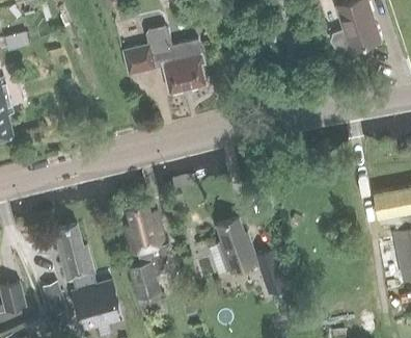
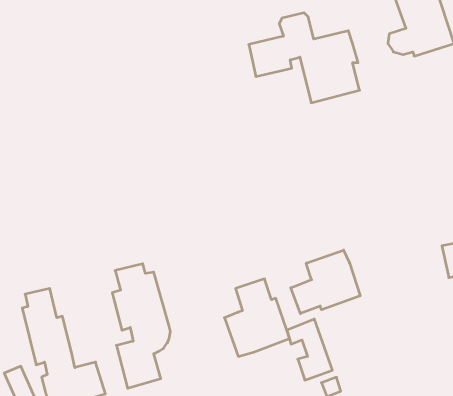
building: [122,27,206,95] -> [249,13,360,103]
building: none -> [291,250,360,314]

